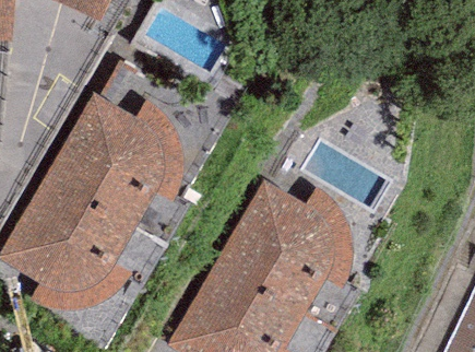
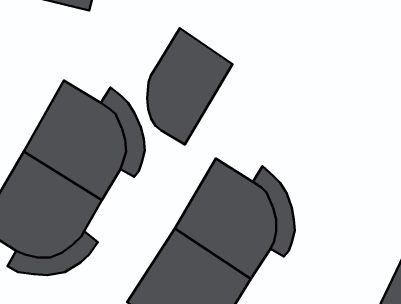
building: none -> [147,28,232,145]

